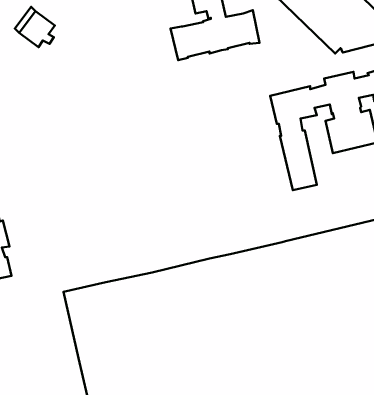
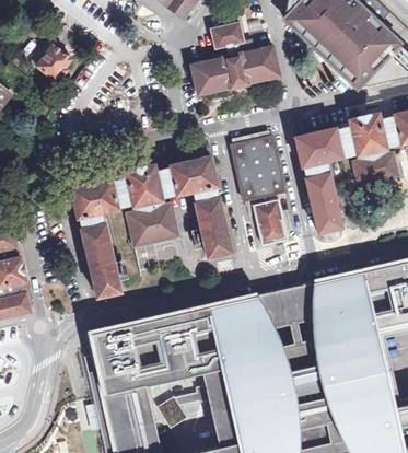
building: none -> [231,137,287,246]
building: none -> [70,156,232,298]

